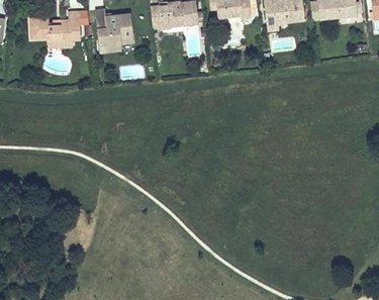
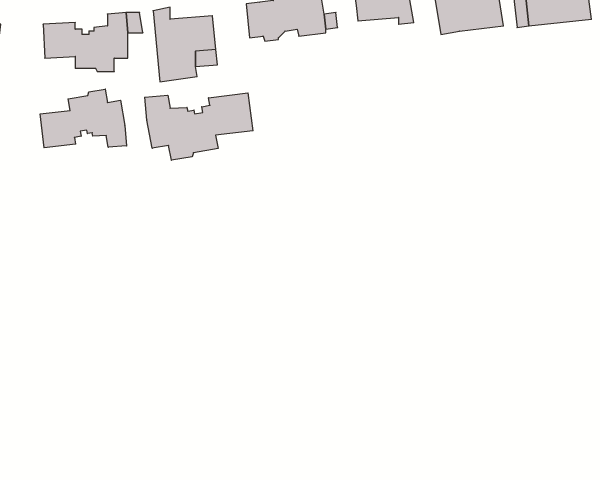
building: none -> [40,89,127,148]
building: none -> [145,93,253,160]

